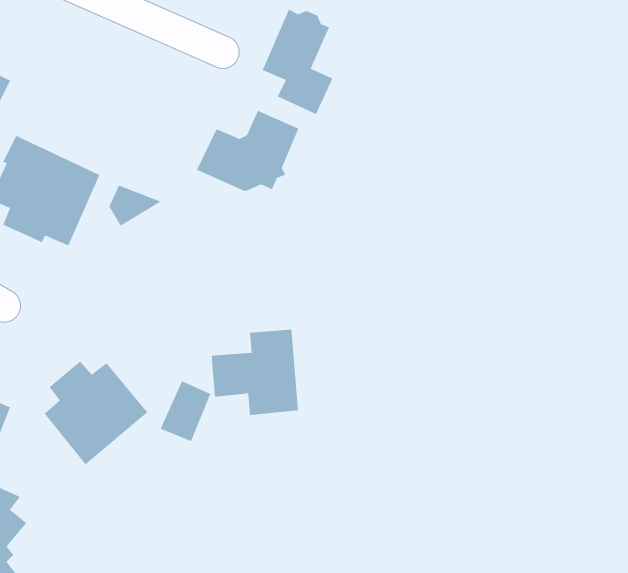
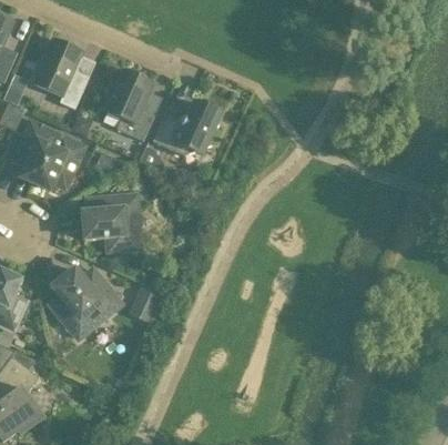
building: [262,9,333,115] -> [106,69,154,140]
building: none -> [34,38,89,108]
building: [211,329,299,415] -> [82,193,141,251]

